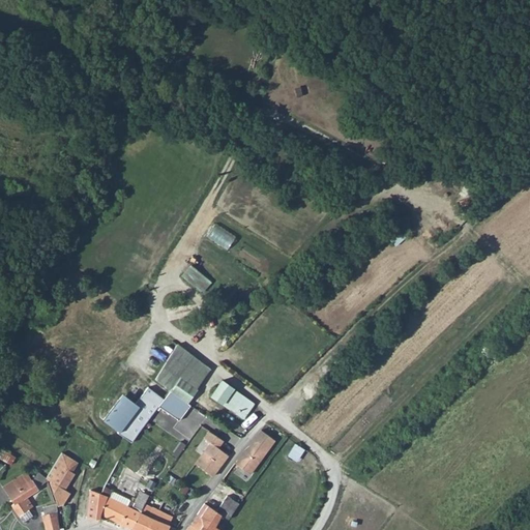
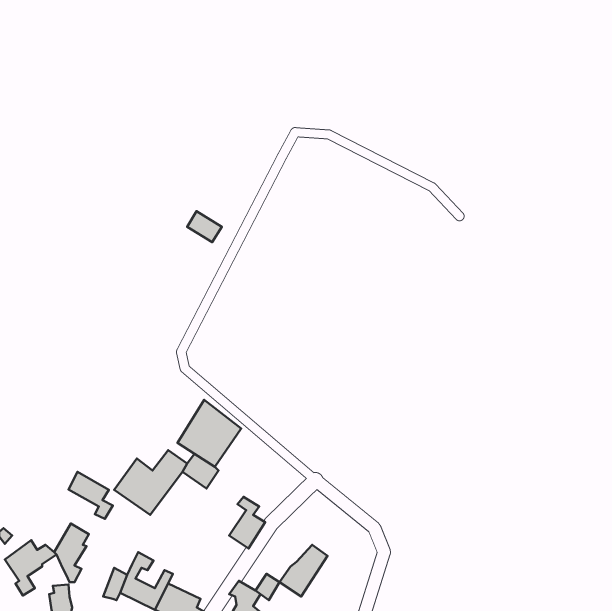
building: [206,224,236,251] -> [187,211,222,242]
building: [181,265,211,294] -> none
building: [207,380,251,419] -> none
building: none -> [68,472,113,519]
building: [234,429,275,473] -> [280,545,328,597]

